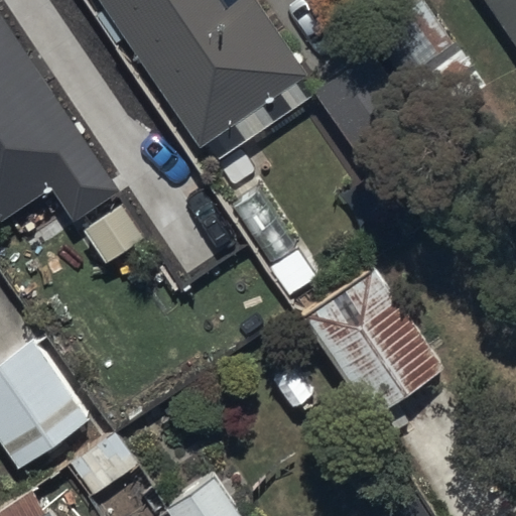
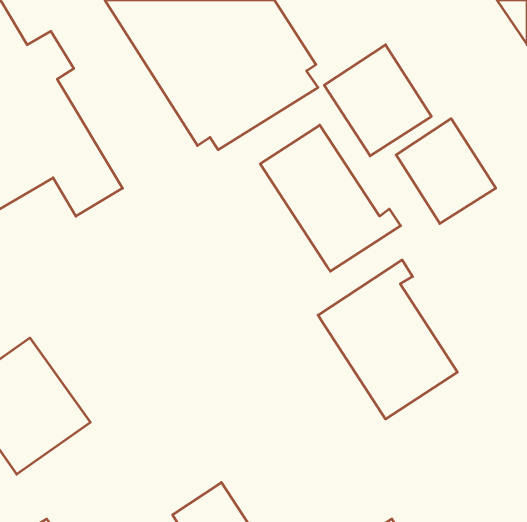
building: none -> [260,125,401,271]

